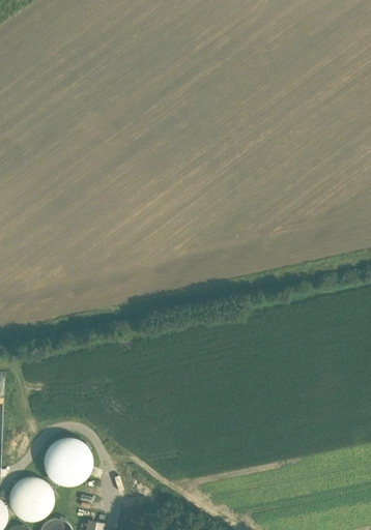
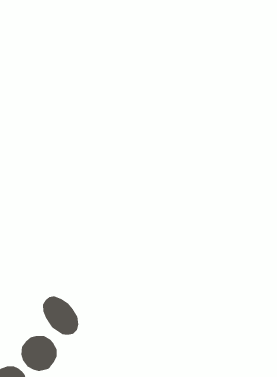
building: none -> [42,295,79,335]

